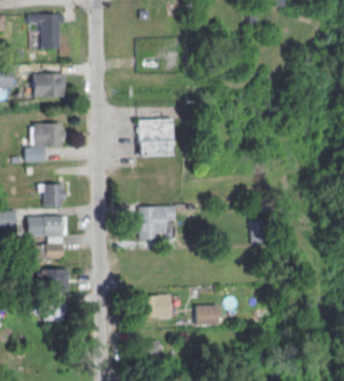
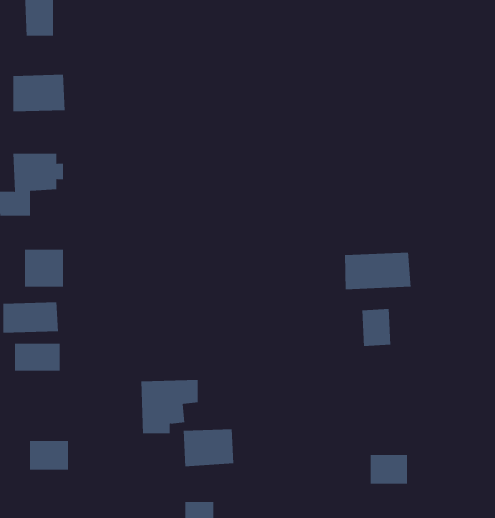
building: [139,119,174,157] -> none
building: none -> [345,252,411,290]
building: [139,205,175,240] -> [141,380,199,434]
building: [41,269,69,292] -> none
building: [196,306,219,324] -> [370,454,408,484]

